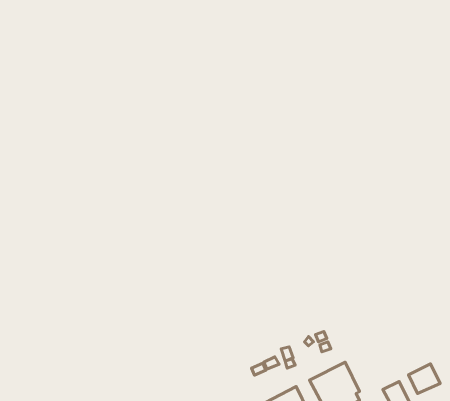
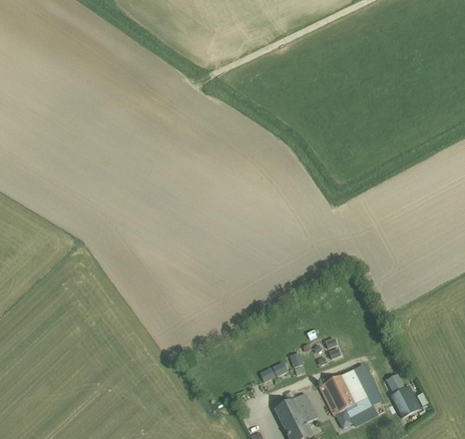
building: [408,364,440,394] -> none

